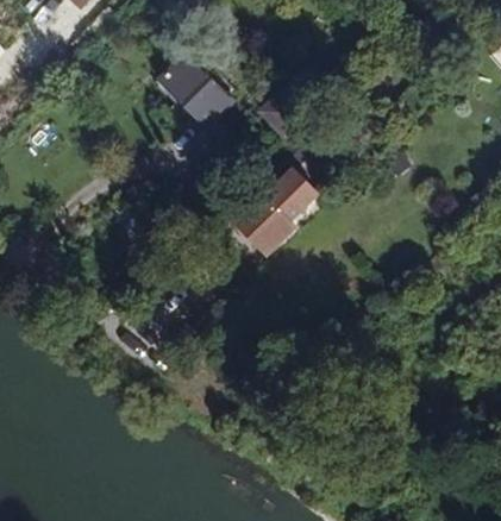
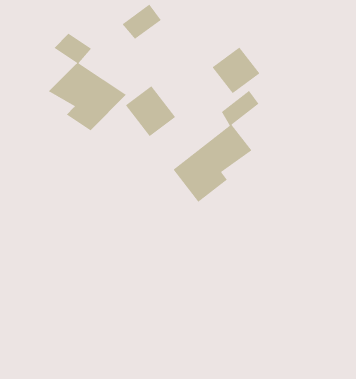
building: [174,70,230,125] -> [125,85,176,137]
building: none -> [48,33,127,131]

